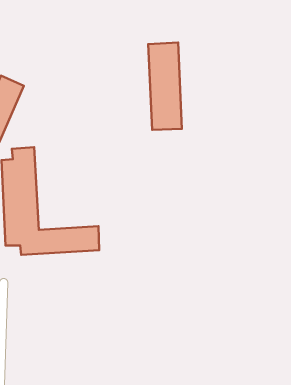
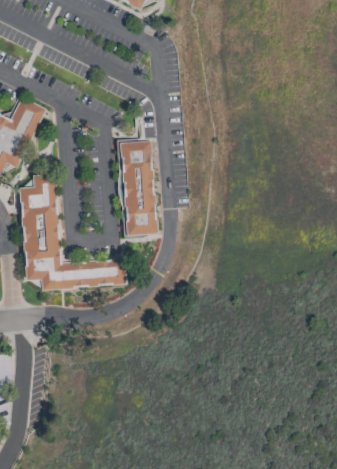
building: [148,42,182,130] -> [120,141,156,235]

